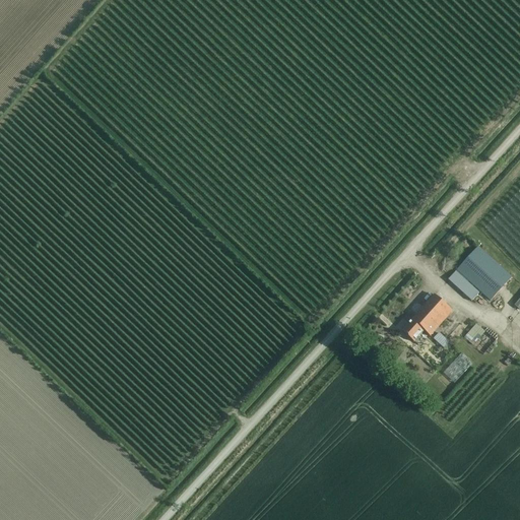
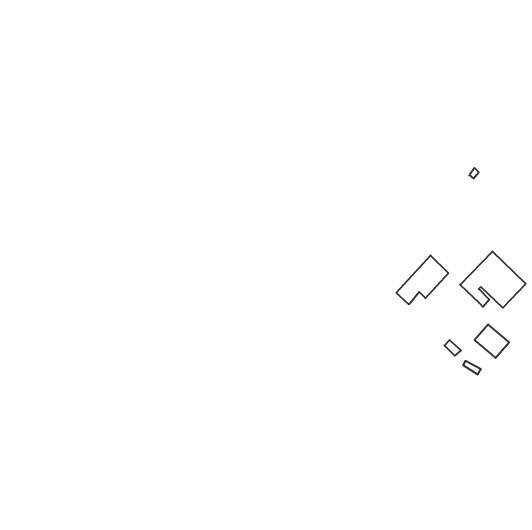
building: [401,292,452,340] -> [396,255,448,304]

